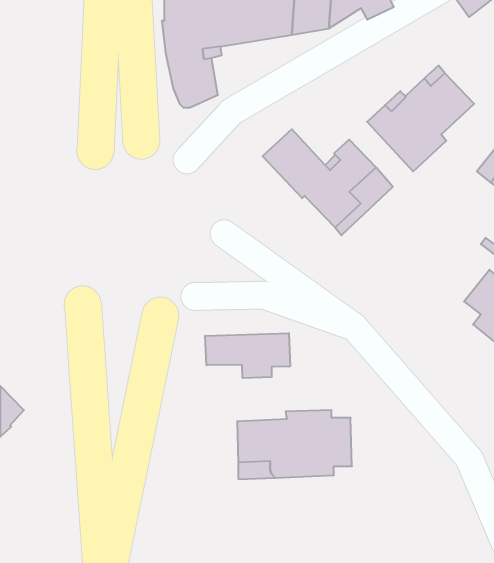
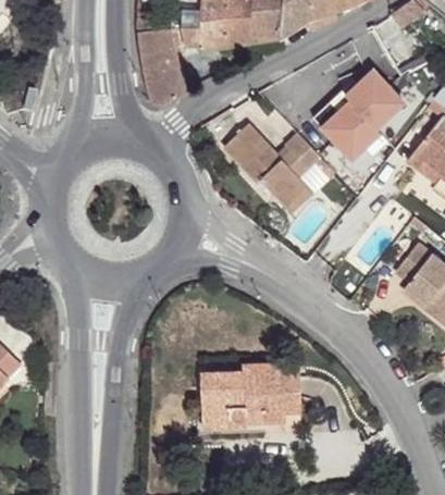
building: [205,333,290,378] -> none

